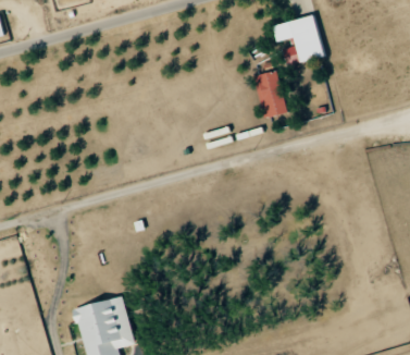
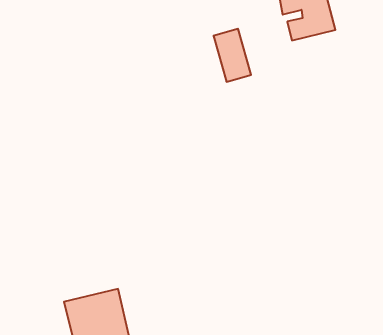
building: [252,71,287,120] -> [213,29,251,82]

